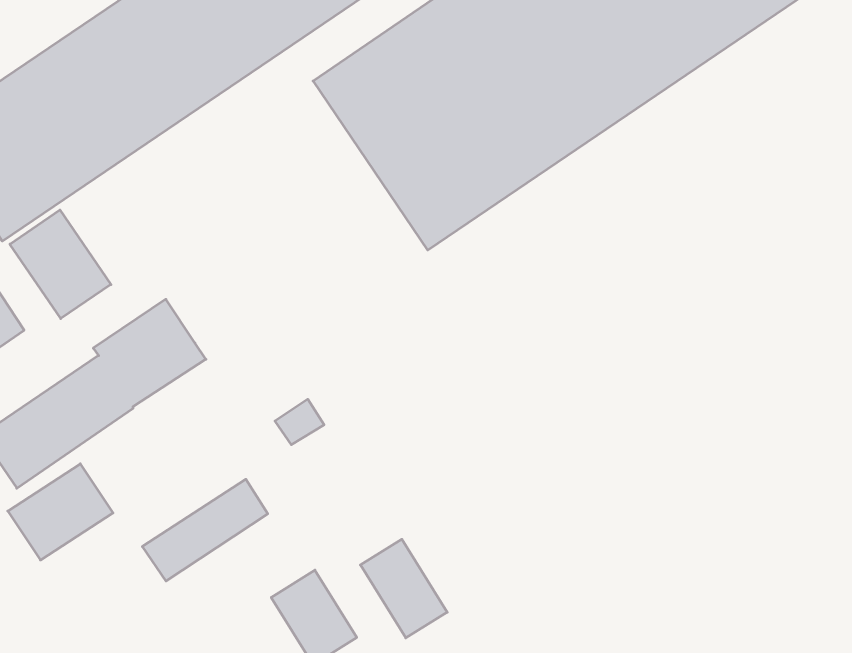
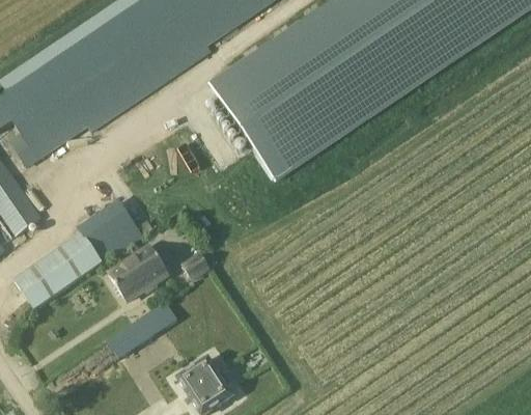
building: [10,210,111,319] -> none
building: [8,464,113,560] -> [110,246,170,301]
building: [360,539,447,638] -> none

